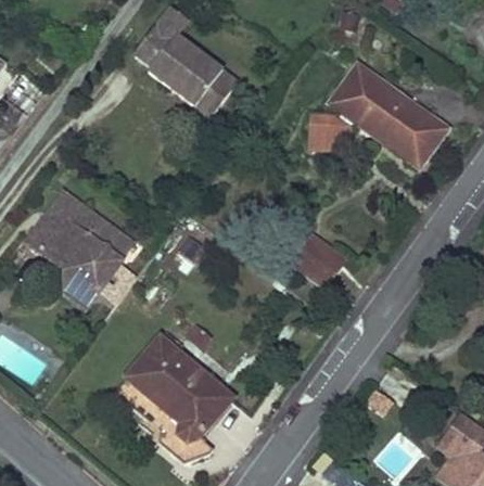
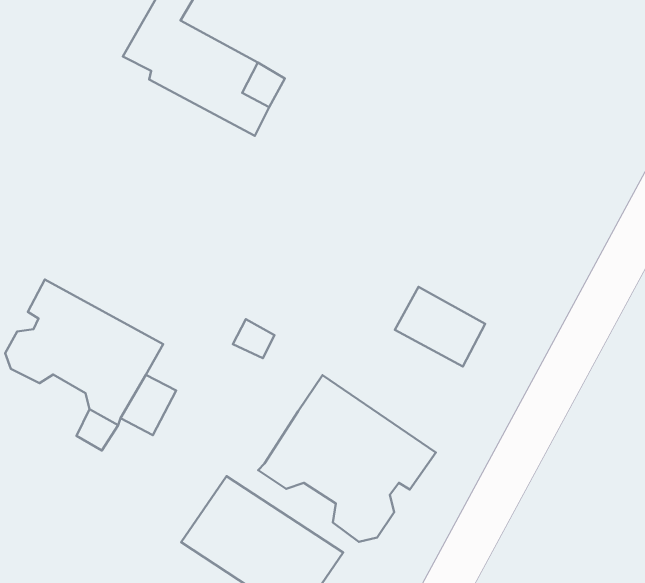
building: [311,63,446,164] -> none
building: none -> [258,375,436,542]

